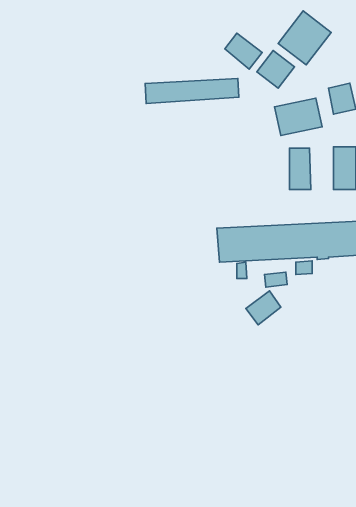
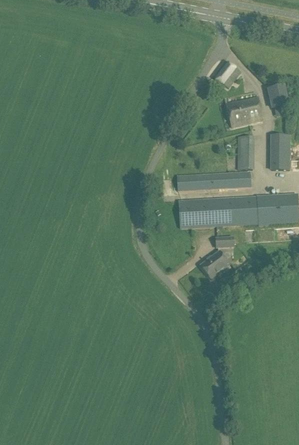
building: [278,11,331,65] -> none
building: [225,33,262,69] -> none
building: [145,78,239,104] -> [176,172,251,192]

